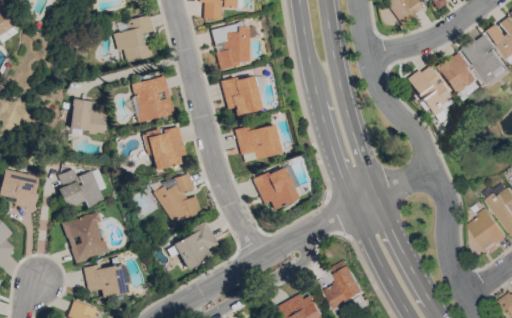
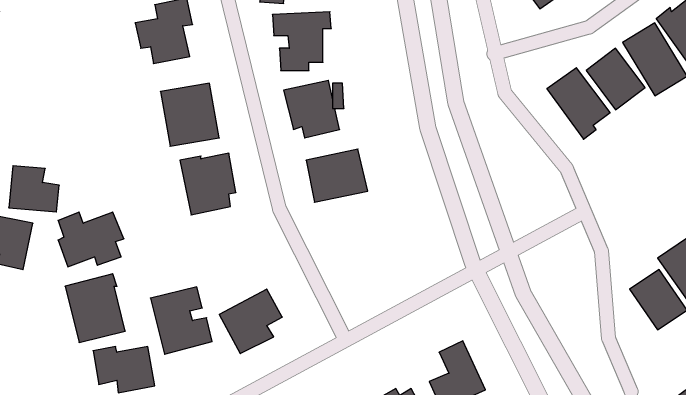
building: [71,99,107,132] -> [9,166,59,212]
building: [253,166,297,209] -> none
building: [157,174,201,222] -> [150,287,212,354]

